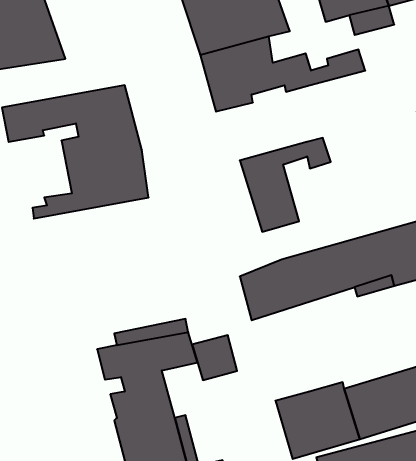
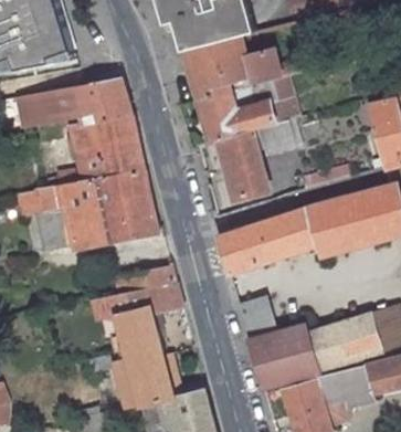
building: none -> [199,77,282,143]
building: none -> [33,171,158,246]
building: [192,335,237,380] -> [240,304,277,341]

